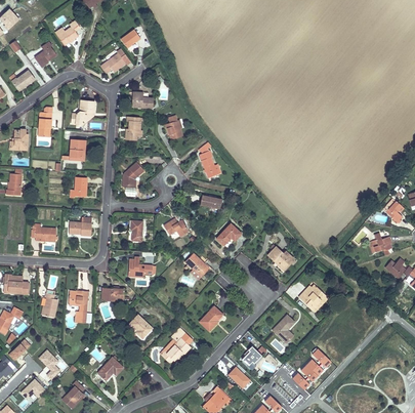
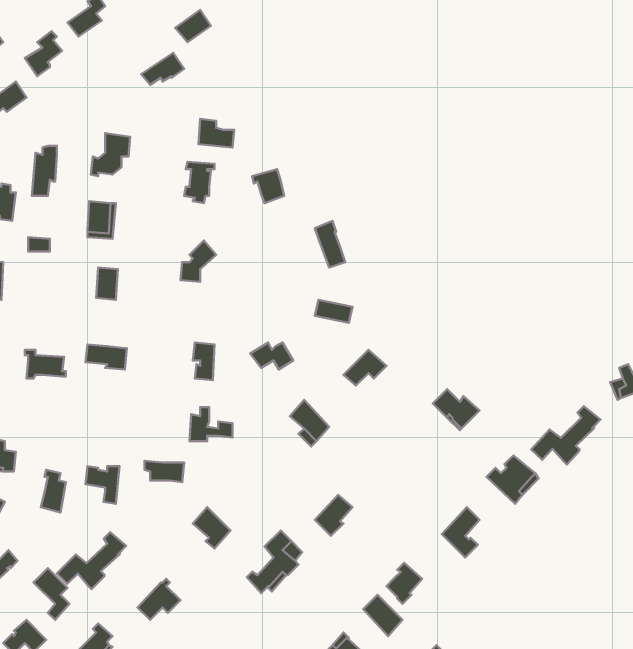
building: none -> [531,406,600,464]
building: none -> [57,532,126,589]
building: [291,346,331,389] -> none

